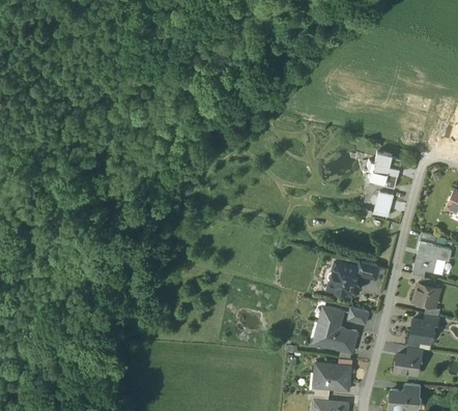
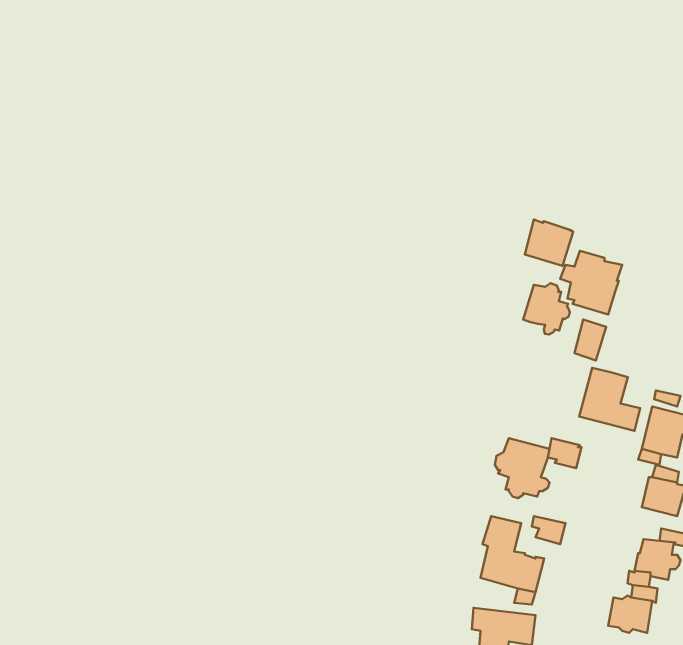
building: none -> [525,220,573,266]
building: none -> [523,283,570,335]
building: none -> [579,368,640,431]

